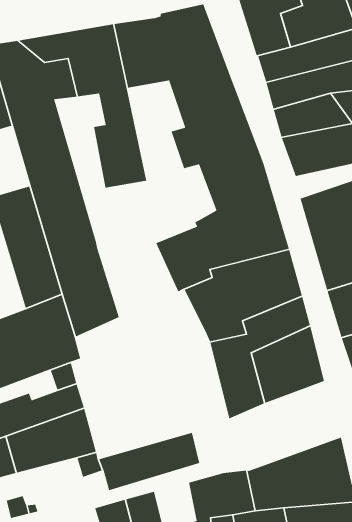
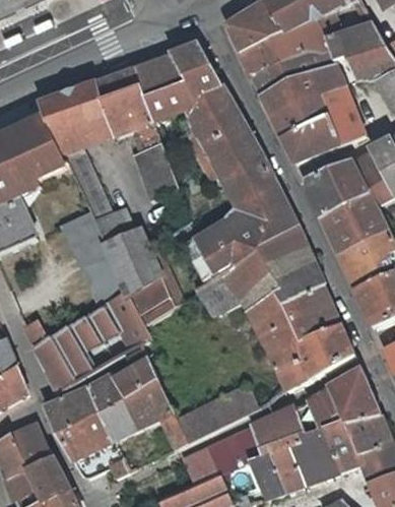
building: none -> [194,272,243,319]
building: none -> [274,327,359,395]

